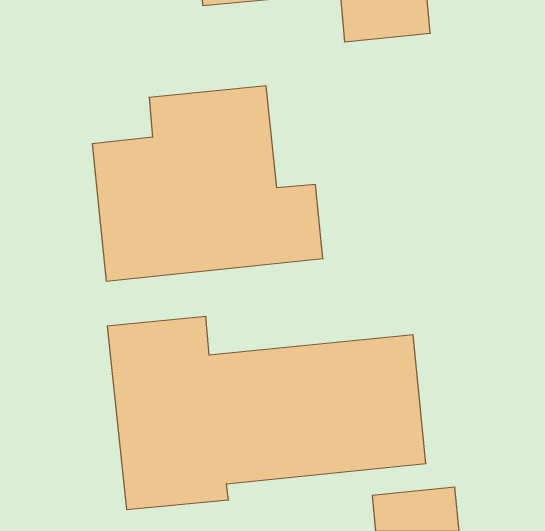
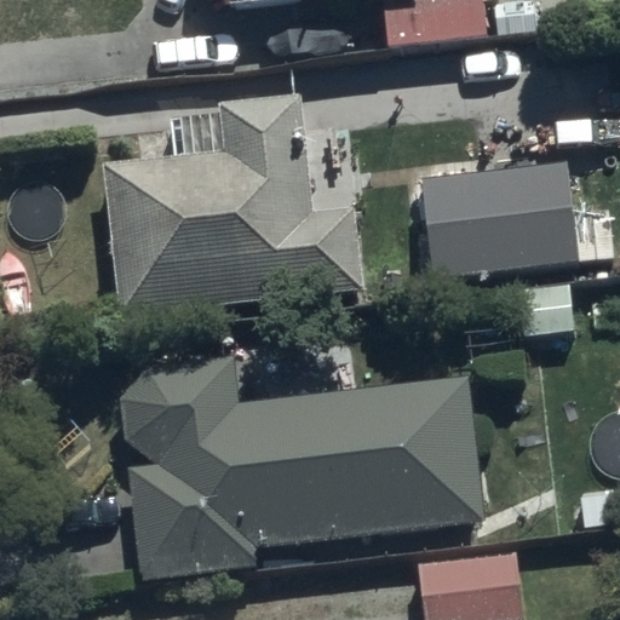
building: none -> [421,162,580,281]

